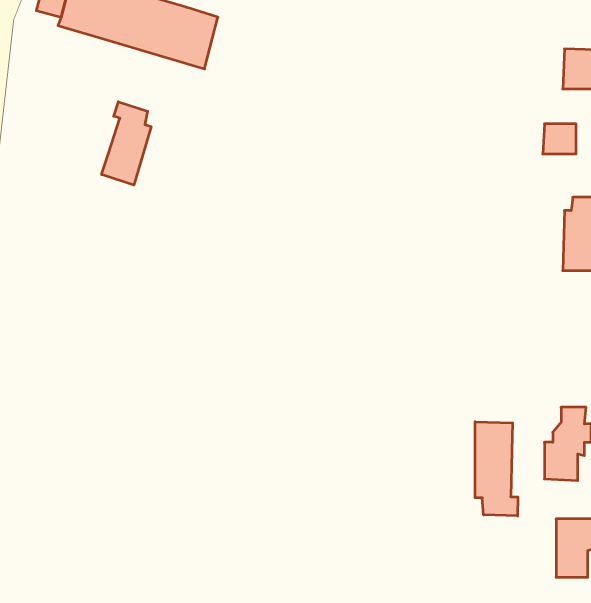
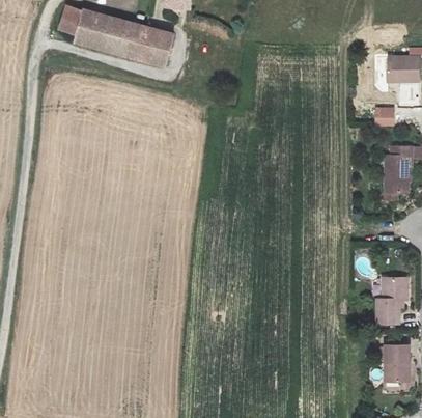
building: [102,102,151,185] -> none
building: [475,422,518,516] -> none

